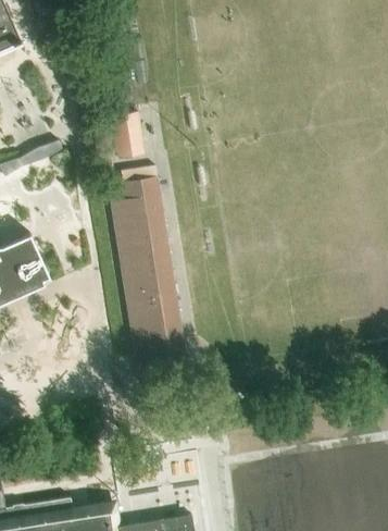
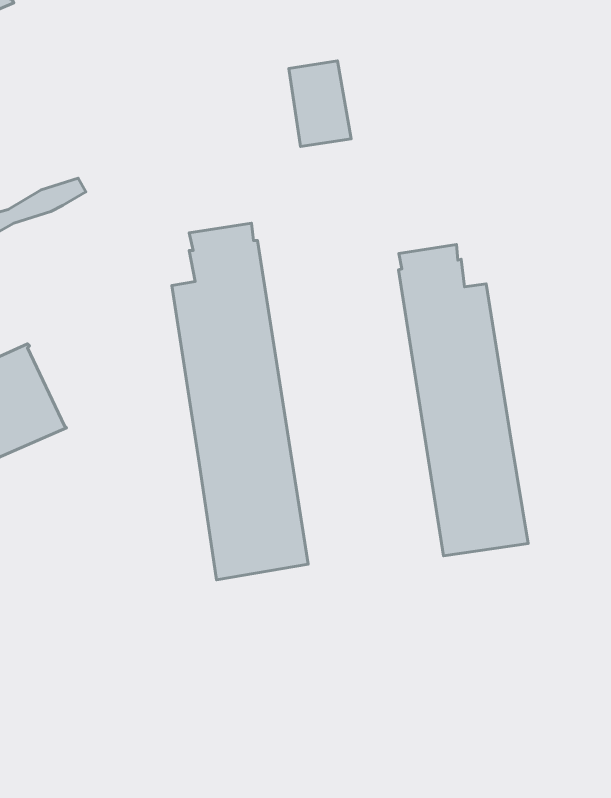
building: [110,113,145,161] -> [289,61,351,146]
building: none -> [399,244,528,556]

